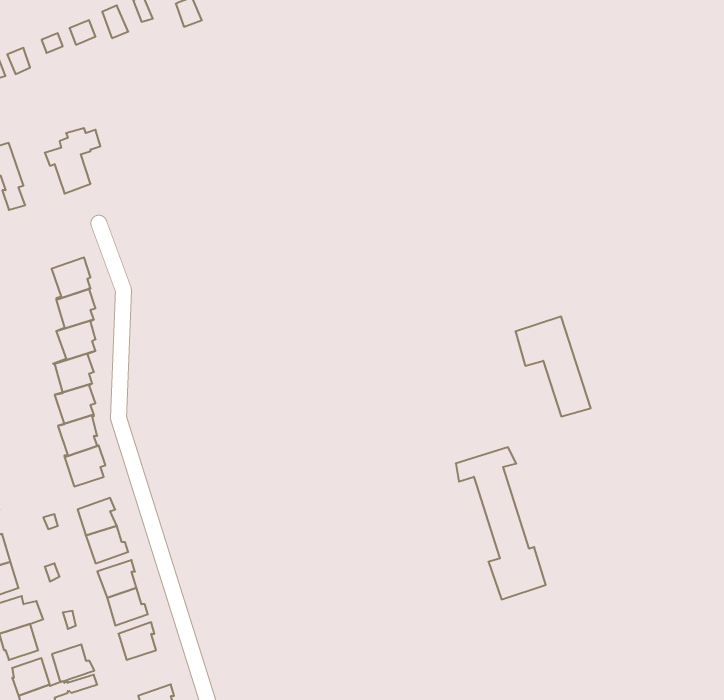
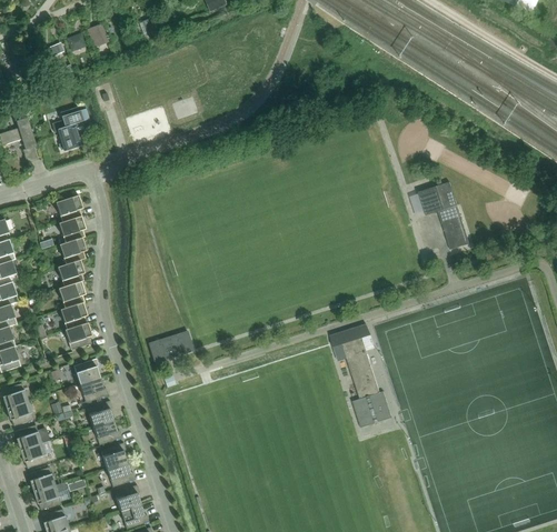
building: [515,317,591,416] -> [419,182,470,250]
building: none -> [148,331,193,363]
building: [52,644,94,682] -> [107,462,136,488]

